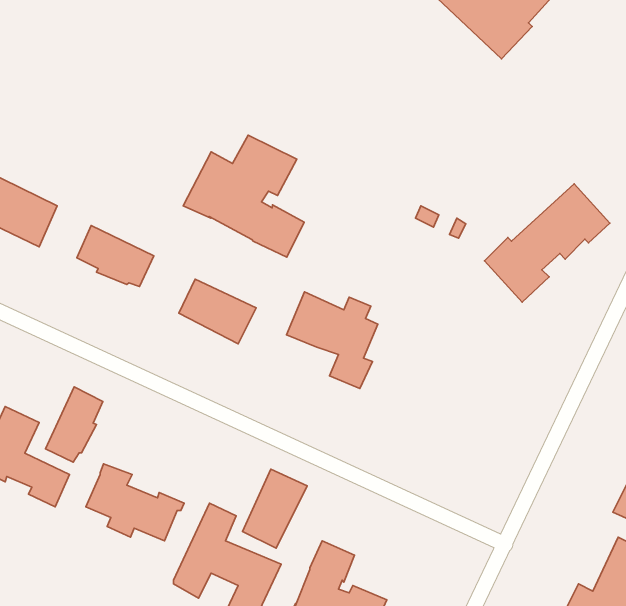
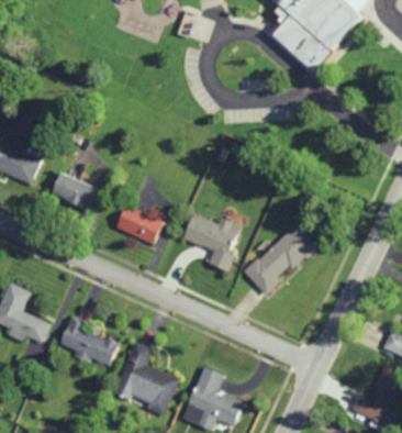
building: [183,135,304,257] -> none
building: [485,184,610,302] -> [242,223,319,296]
building: [45,387,103,462] -> none
building: [243,469,307,548] -> none

